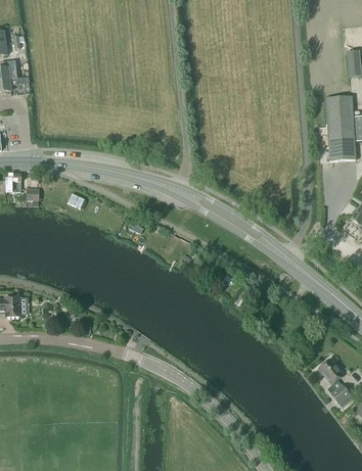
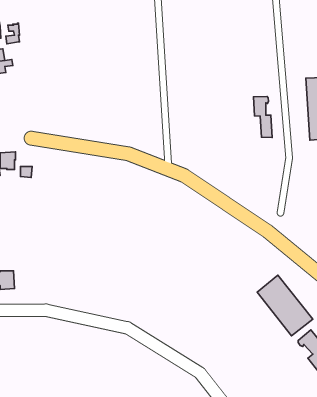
building: none -> [254,96,272,137]
building: none -> [257,275,313,336]

